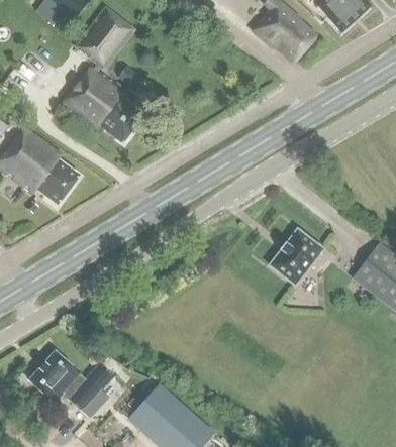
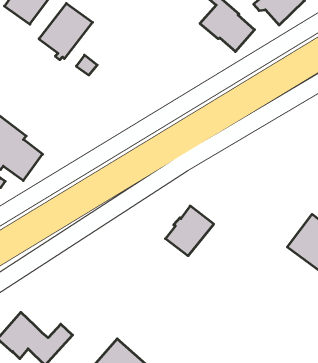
building: [62,66,145,143] -> none
building: [270,229,323,285] -> [165,206,214,256]

